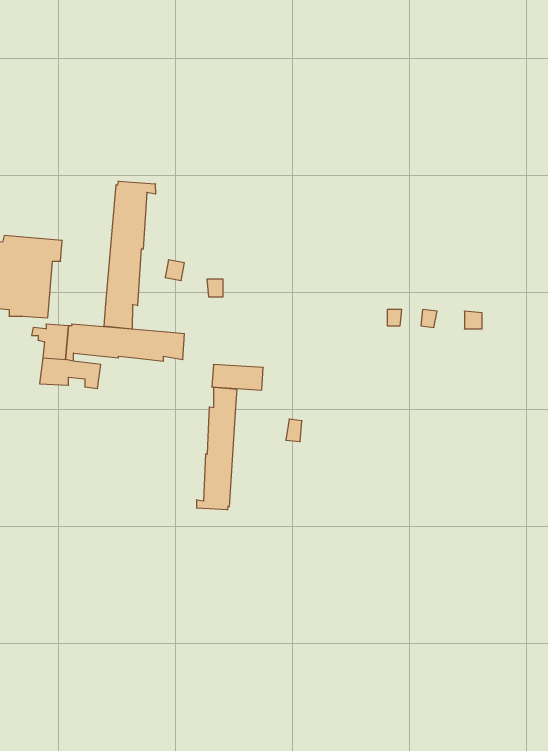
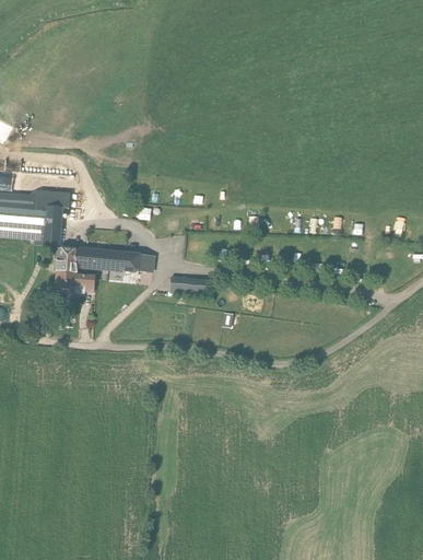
building: [104,181,155,329] -> none
building: [197,387,237,510] -> none

